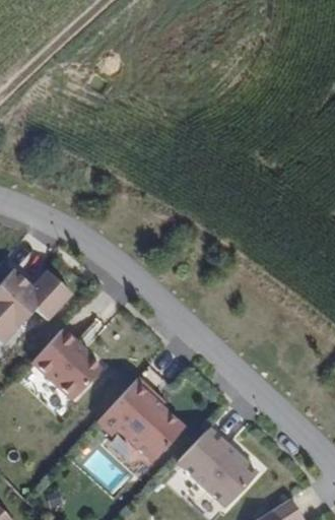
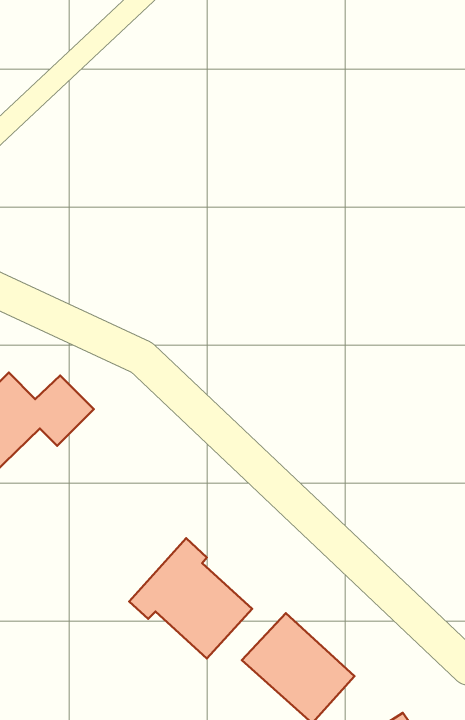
building: [35,327,104,398] -> none

